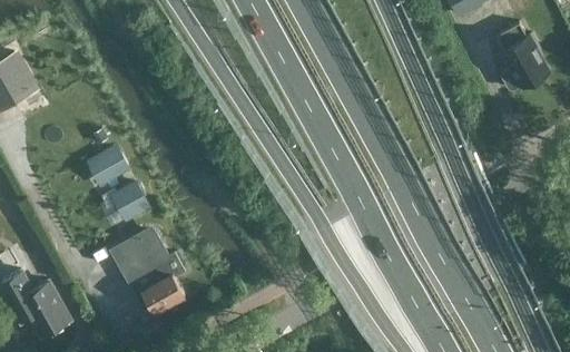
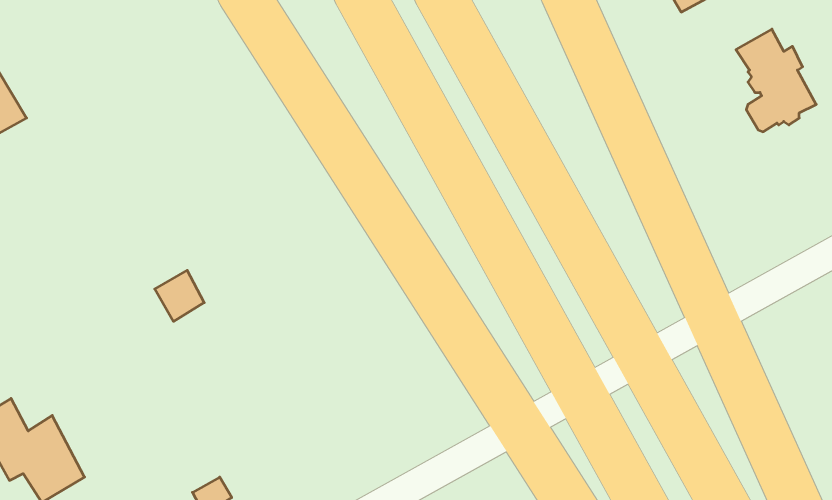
building: [94,145,131,184] -> none
building: [122,231,185,312] -> none

